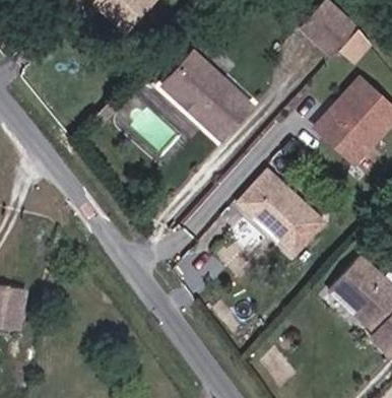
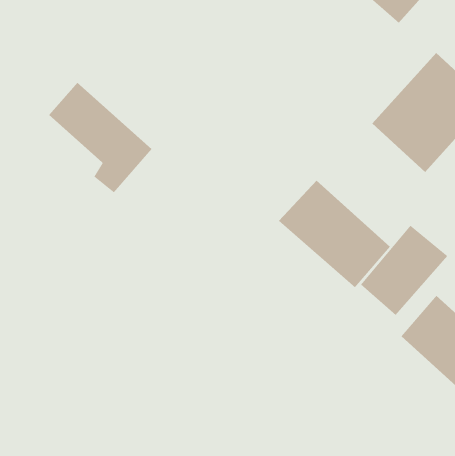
building: [173,55,250,137] -> [48,82,152,193]
building: none -> [360,225,448,316]

